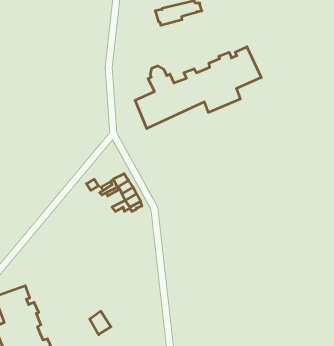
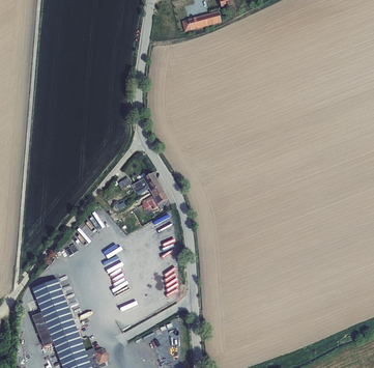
building: [135,47,261,129] -> none

